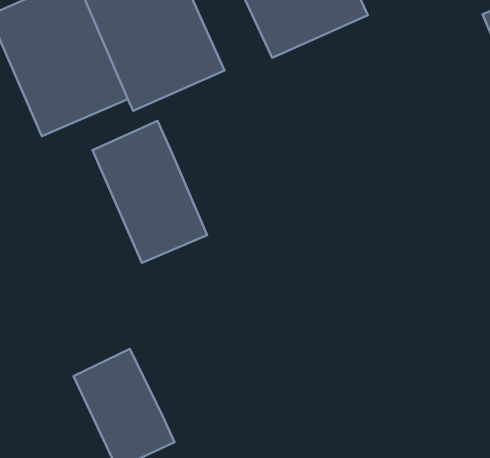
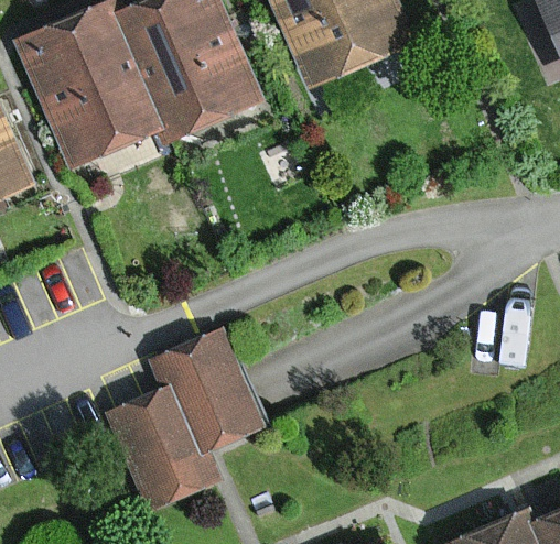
building: [92,121,207,263] -> none
building: none -> [153,331,262,456]

